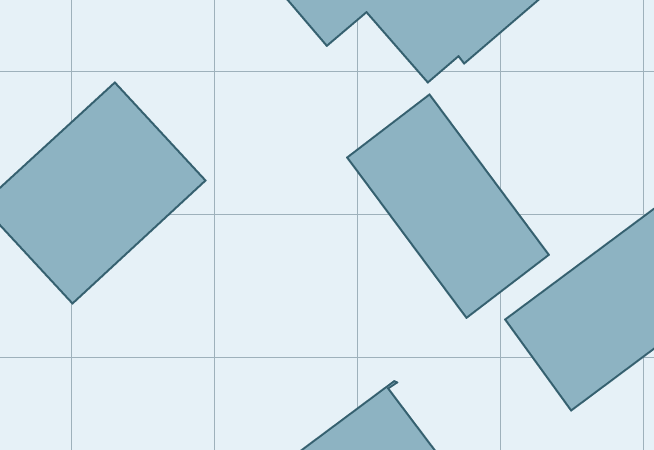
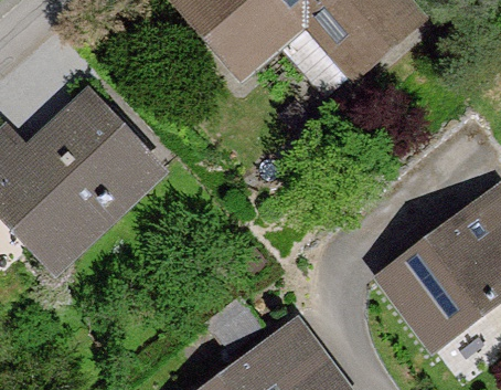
building: [347,94,549,318] -> none

